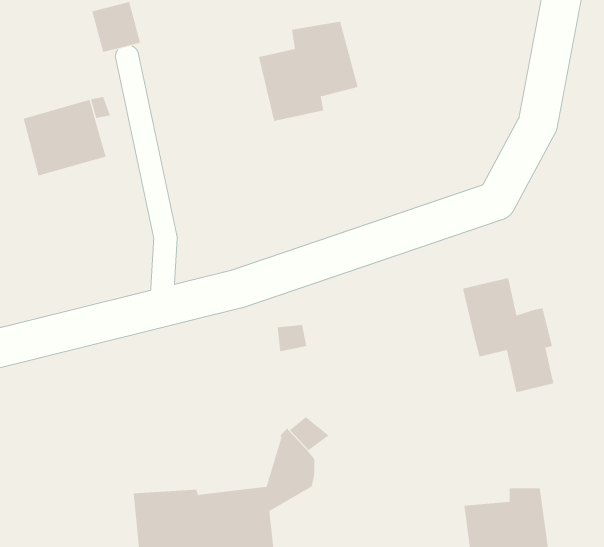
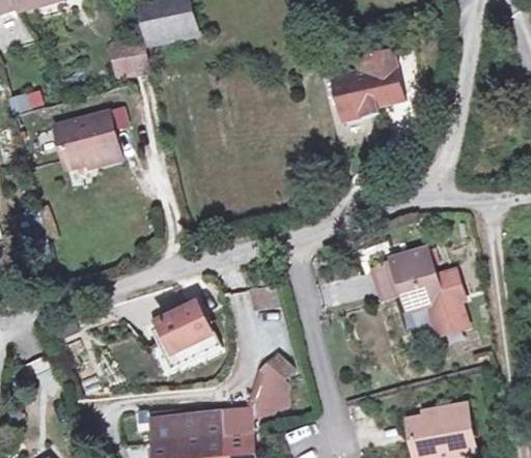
building: [258,21,359,121] -> [330,49,406,124]
building: none -> [372,257,404,297]
building: none -> [151,302,221,363]

